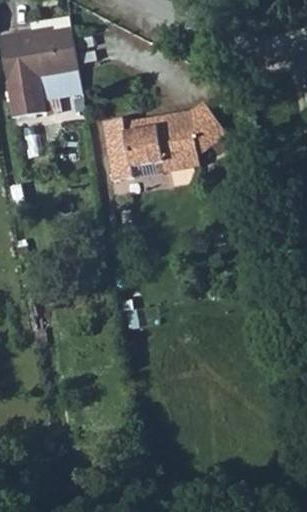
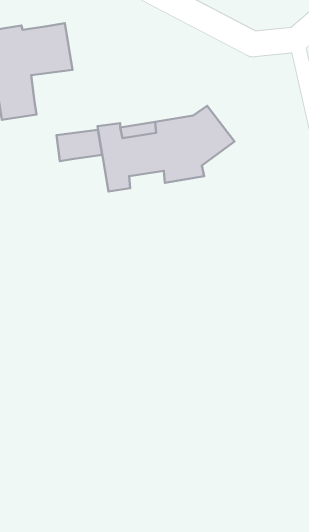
building: [41,72,83,101] -> [57,130,102,161]

